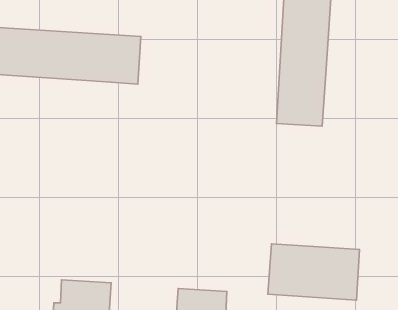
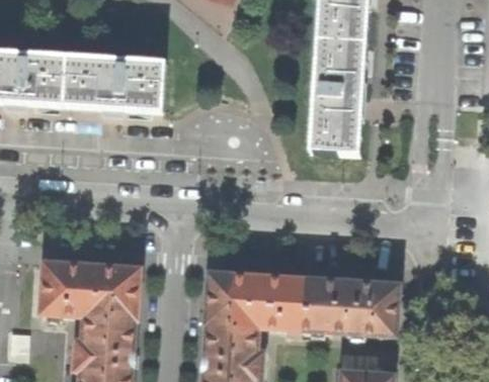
building: none -> [39,261,142,319]
building: none -> [202,272,305,331]

